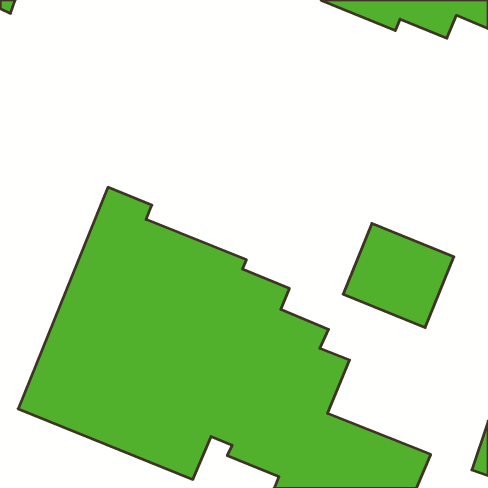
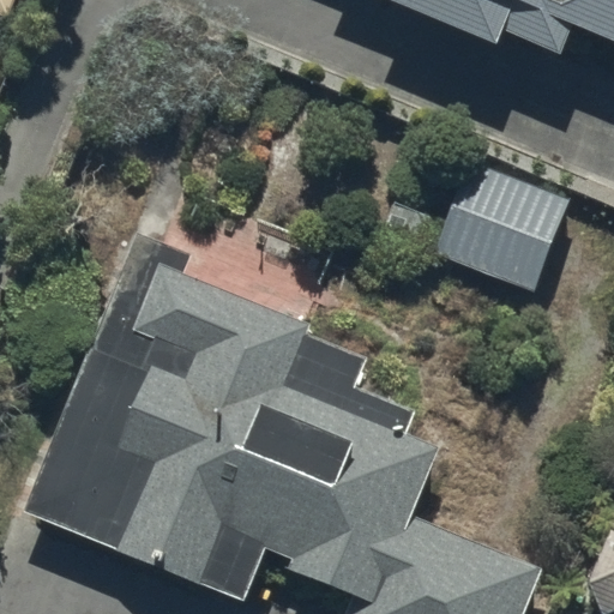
building: [343,223,454,328] -> [432,159,571,290]

